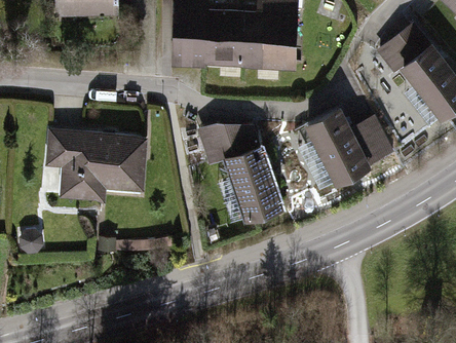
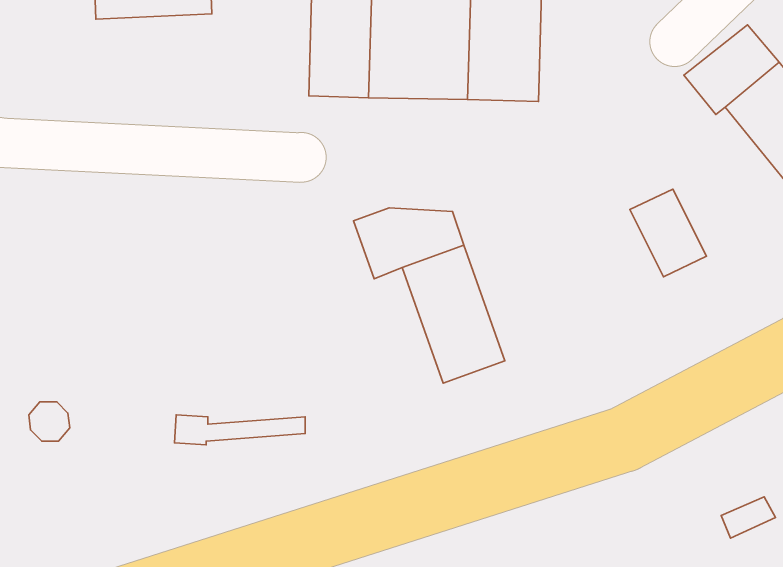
building: [303,107,368,182] -> none
building: [46,129,144,200] -> none

